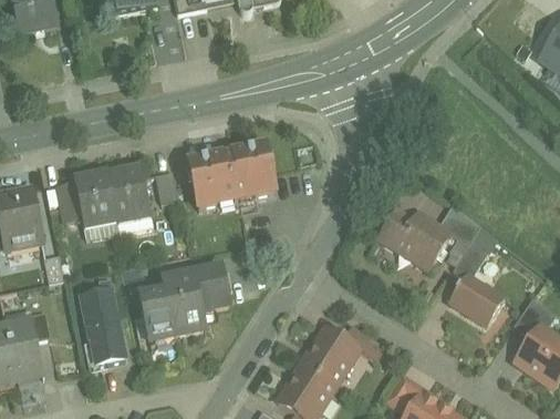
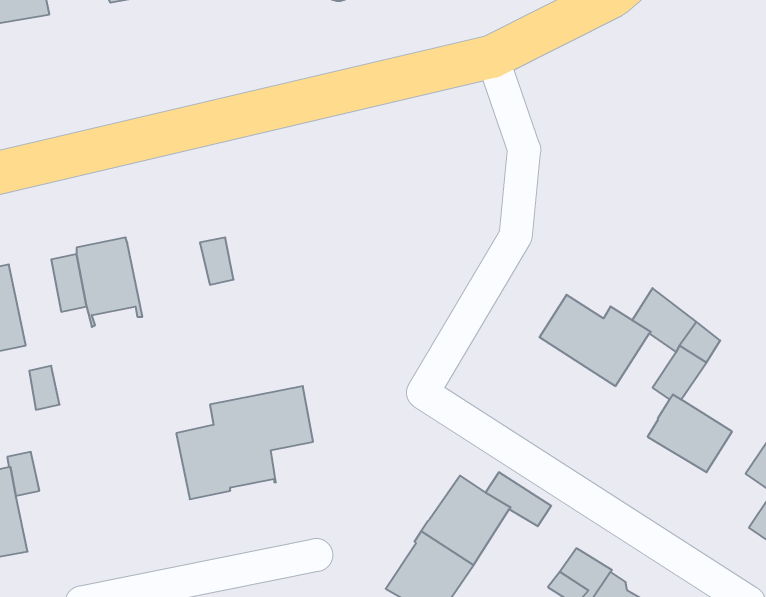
building: [187,143,274,207] -> none
building: [107,166,152,224] -> none
building: [80,290,124,365] -> none

